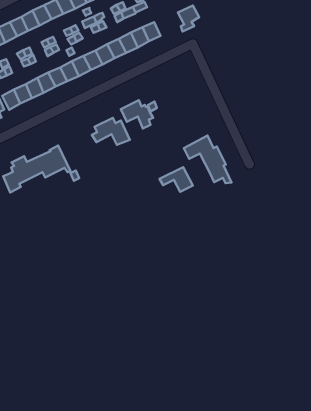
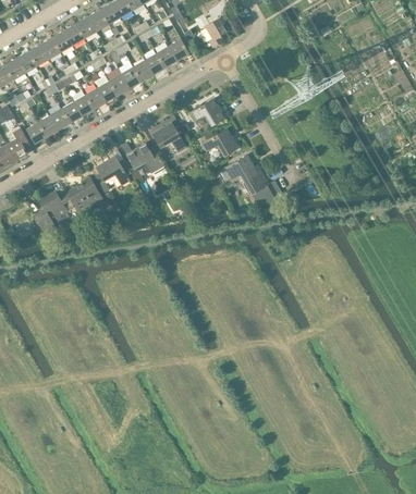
building: none -> [188,98,224,125]
building: none -> [95,157,131,193]
building: [159,167,193,192] -> [201,129,237,156]

